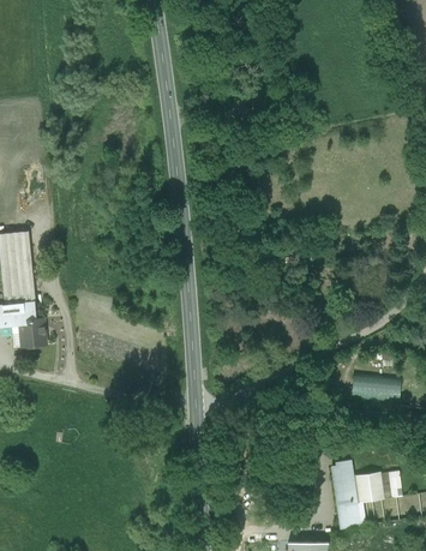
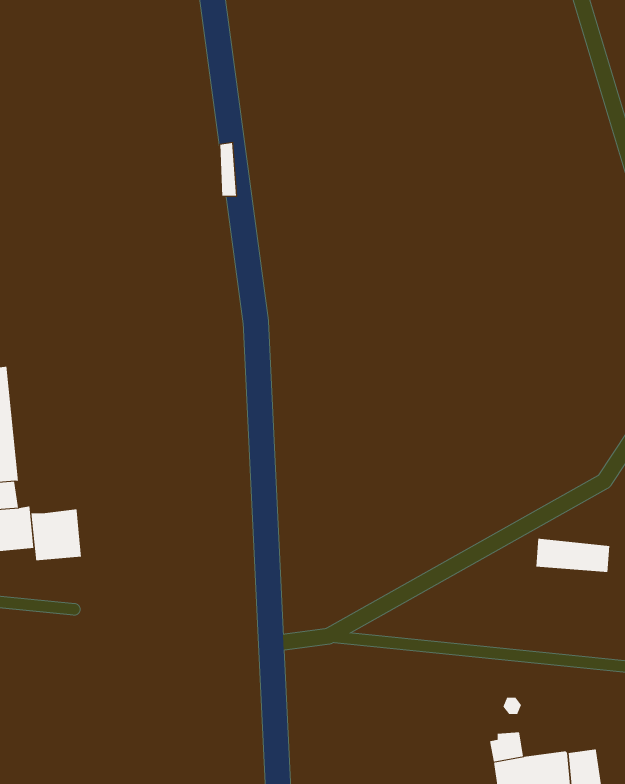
building: none -> [31,509,82,561]
building: [352,377,398,399] -> [536,538,610,572]

